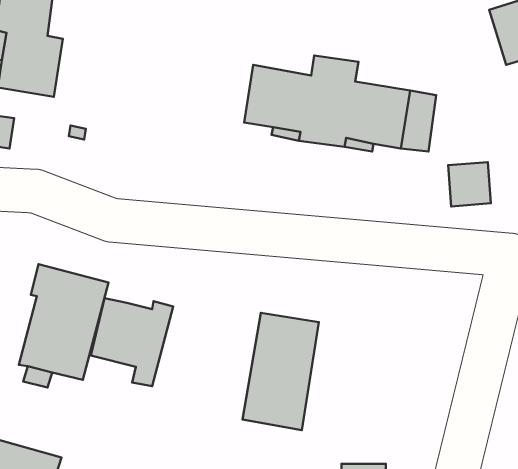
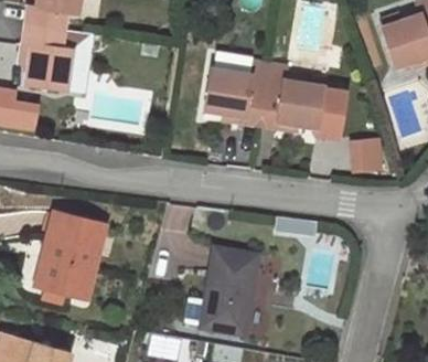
building: [91,298,173,386] -> none

